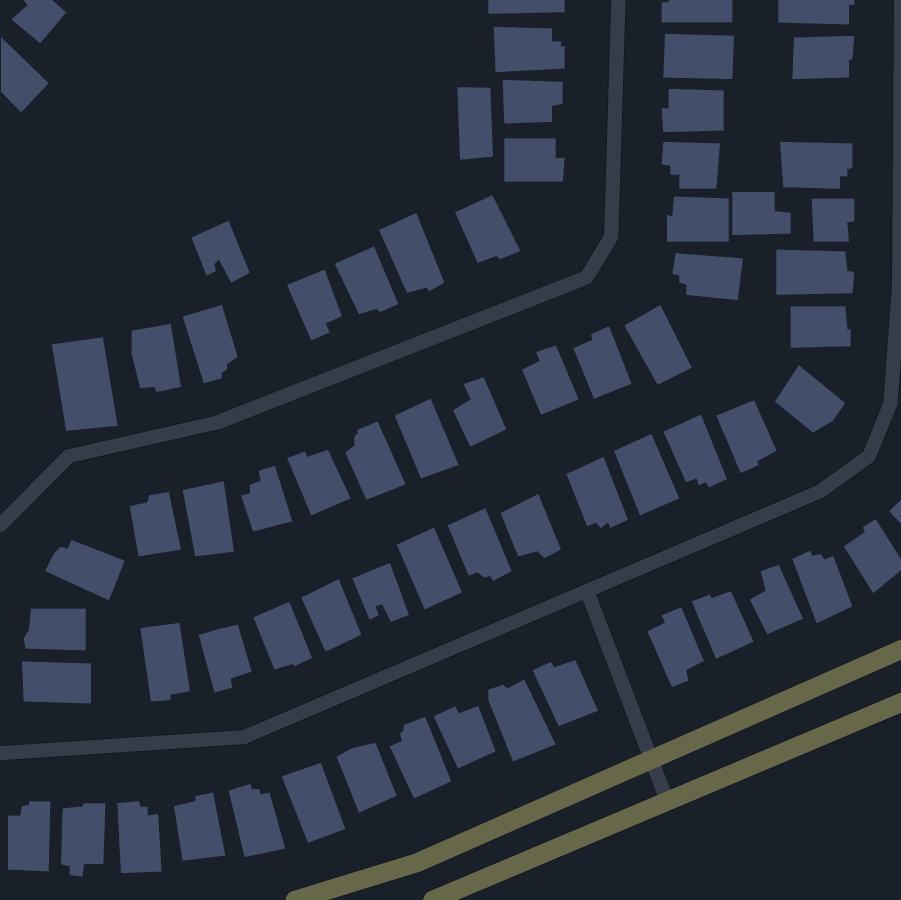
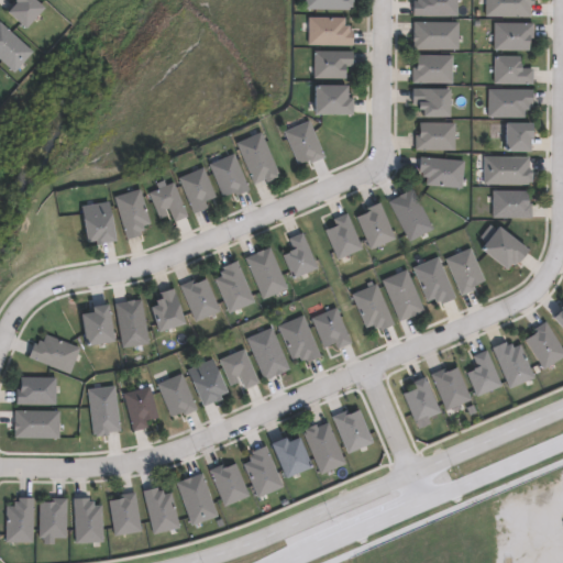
building: [457,87,493,160] -> none
building: [731,191,791,236] -> [495,56,532,84]
building: [190,220,250,284] -> [150,183,187,222]
building: [51,336,118,432] -> none

